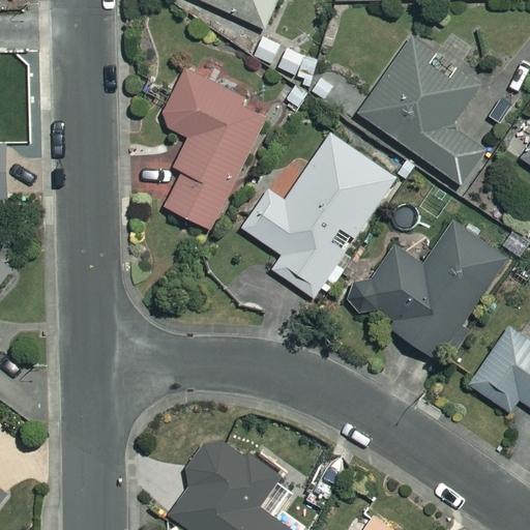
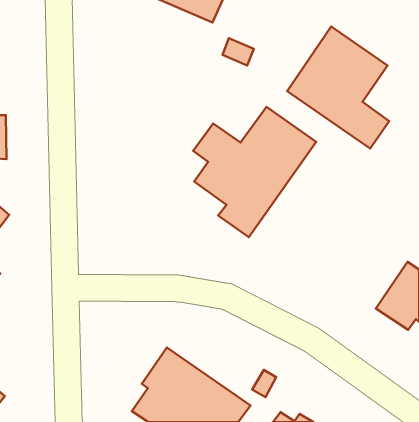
building: [158,67,271,229] -> none
building: [345,223,506,359] -> none

